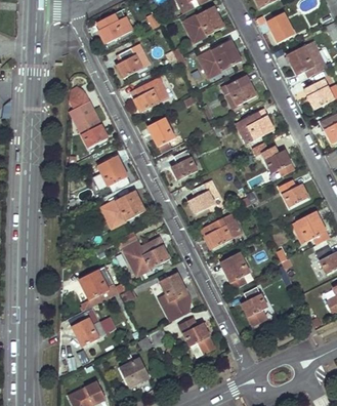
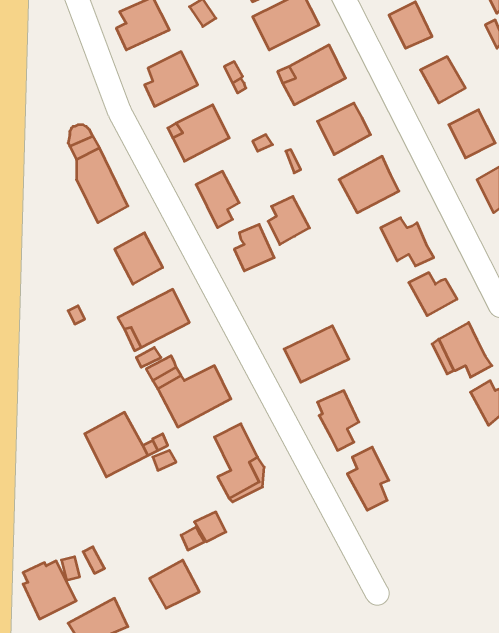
building: [188,185,214,214] -> [268,196,310,245]
building: [72,311,104,347] -> [23,561,76,619]
building: [179,319,215,355] -> none

